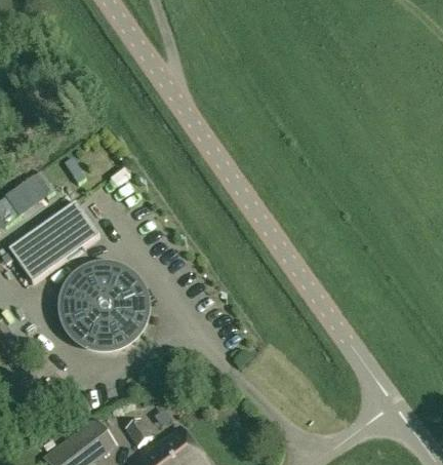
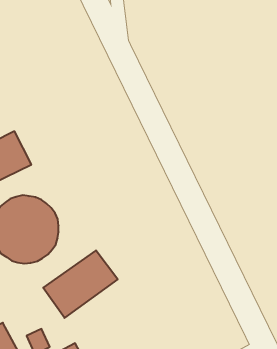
building: none -> [43,250,118,318]

